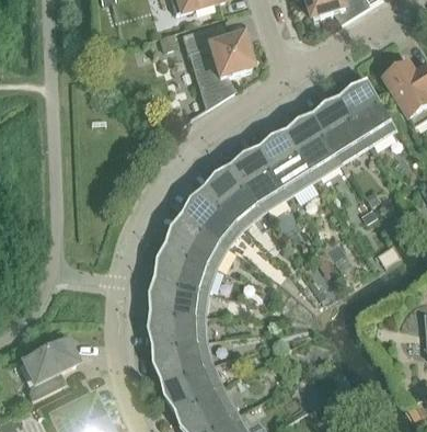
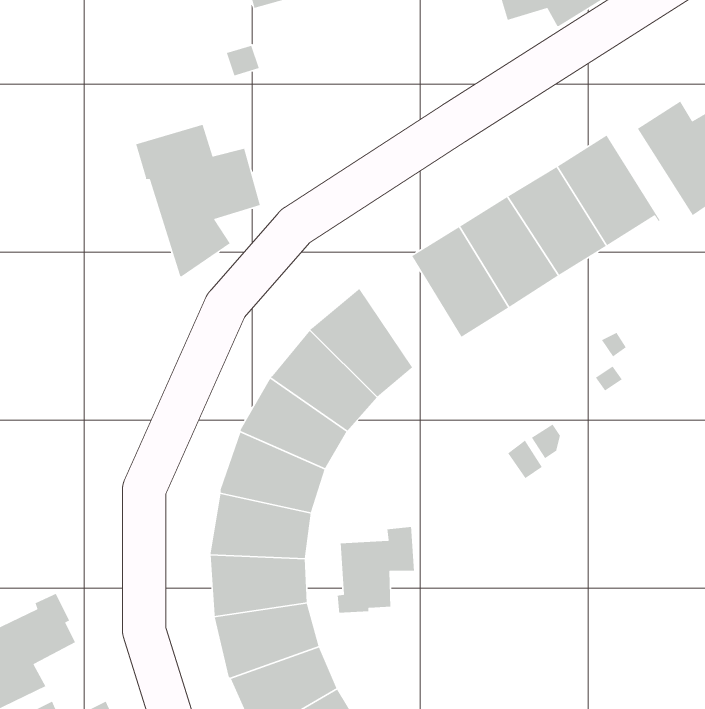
building: [181,24,250,109] -> [135,124,261,277]
building: [232,149,288,211] -> none
building: none -> [337,526,415,613]

